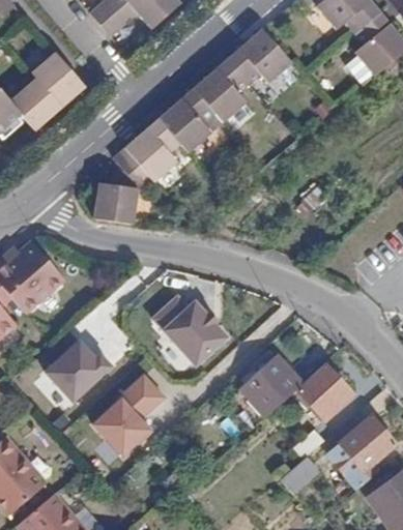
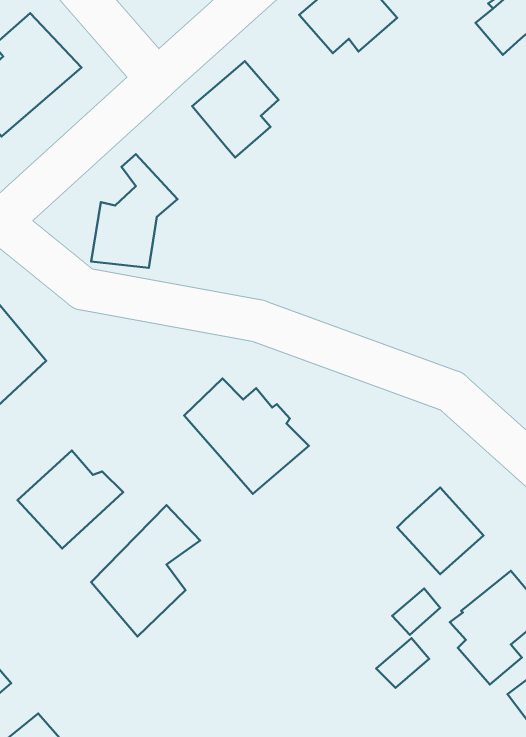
building: [195,55,252,118] -> none
building: [124,114,182,177] -> none
building: [237,352,298,413] -> none

